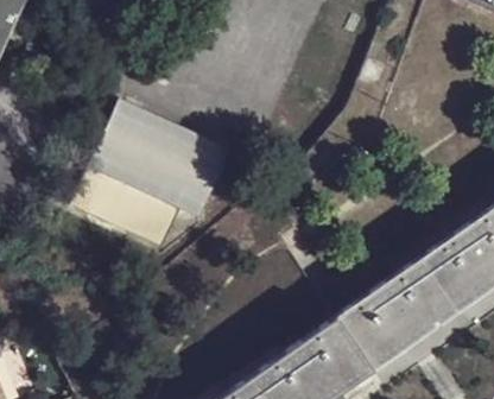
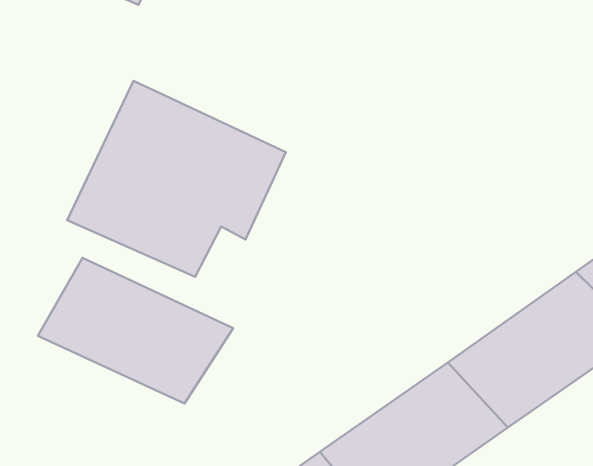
building: none -> [38,258,233,404]

